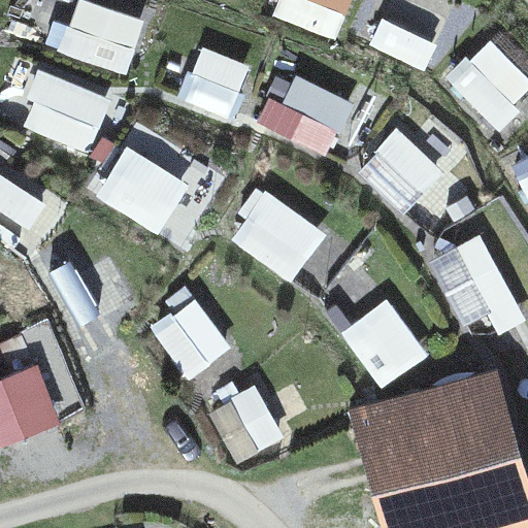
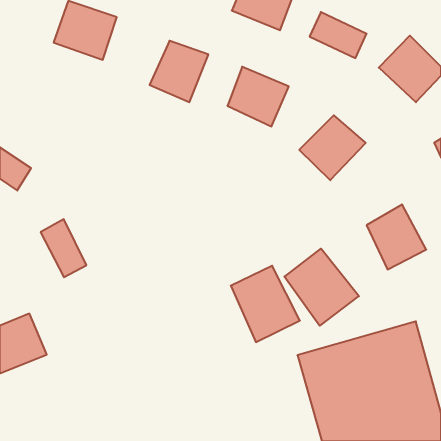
building: [27,78,104,151] -> none
building: [95,145,187,232] -> none
building: [230,190,322,276] -> none
building: [146,290,235,382] -> none
building: [206,378,289,469] -> [231,266,300,342]

